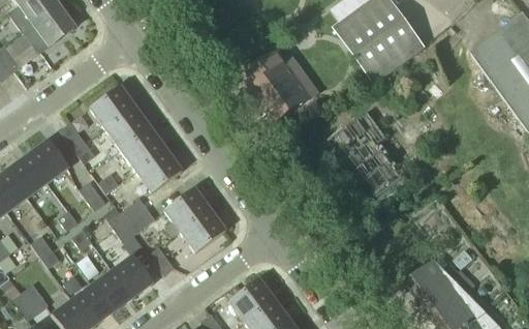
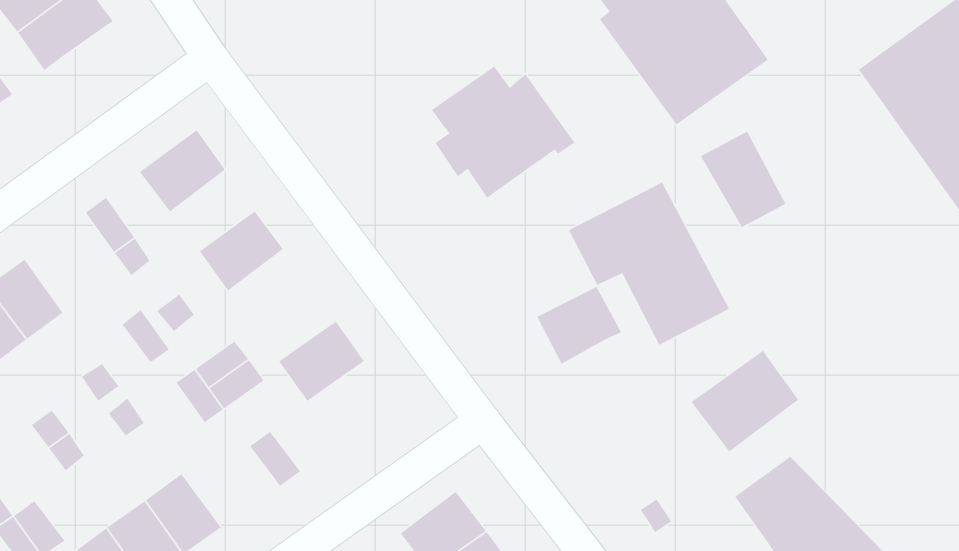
building: none -> [700,131,786,228]
building: [104,107,150,150] -> none
building: [27,140,68,183] -> none
building: [135,149,181,192] -> none
building: none -> [536,286,622,365]
building: none -> [691,350,799,452]
building: [178,209,224,253] -> none
building: [111,255,152,298] -> none

